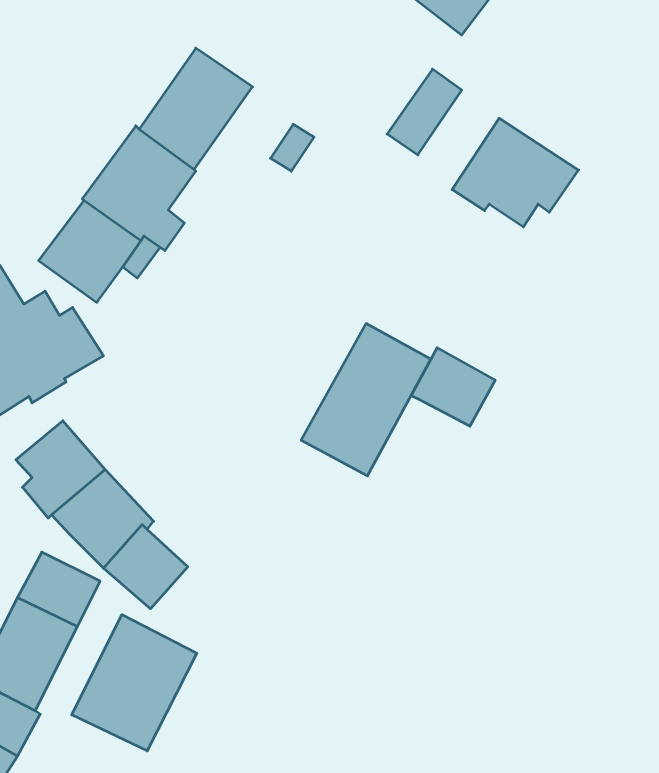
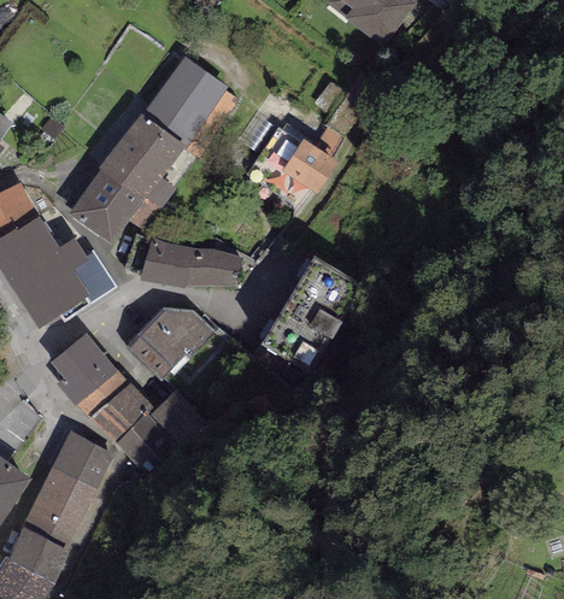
building: [452,118,579,227] -> [243,123,337,204]
building: none -> [139,237,242,288]
building: [411,348,495,426] -> none
building: none -> [125,305,215,378]
building: none -> [148,387,213,441]
building: [72,615,197,751] -> none

